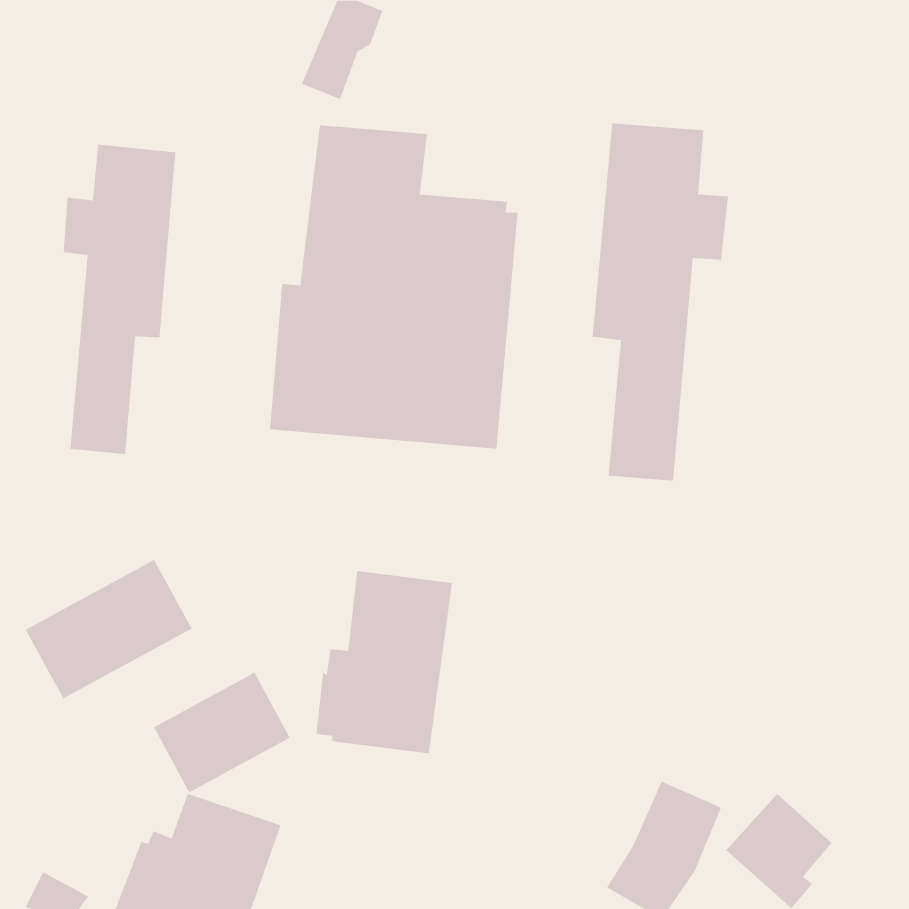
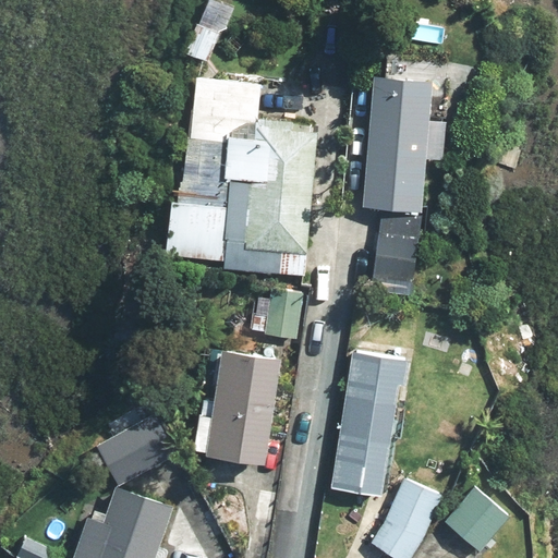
building: [63,144,176,455] -> none
building: none -> [253,289,304,339]
building: [25,559,193,699] -> none
building: none -> [330,351,409,496]

